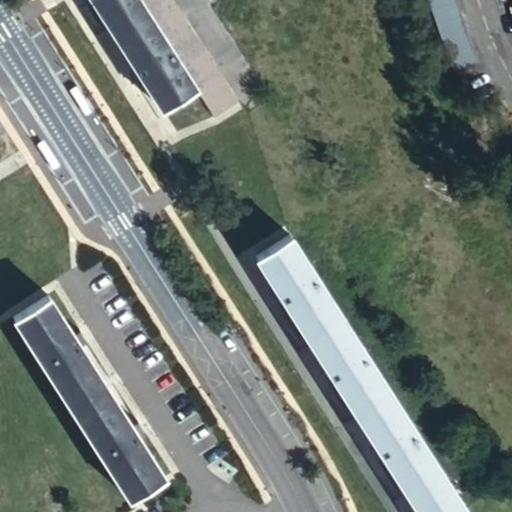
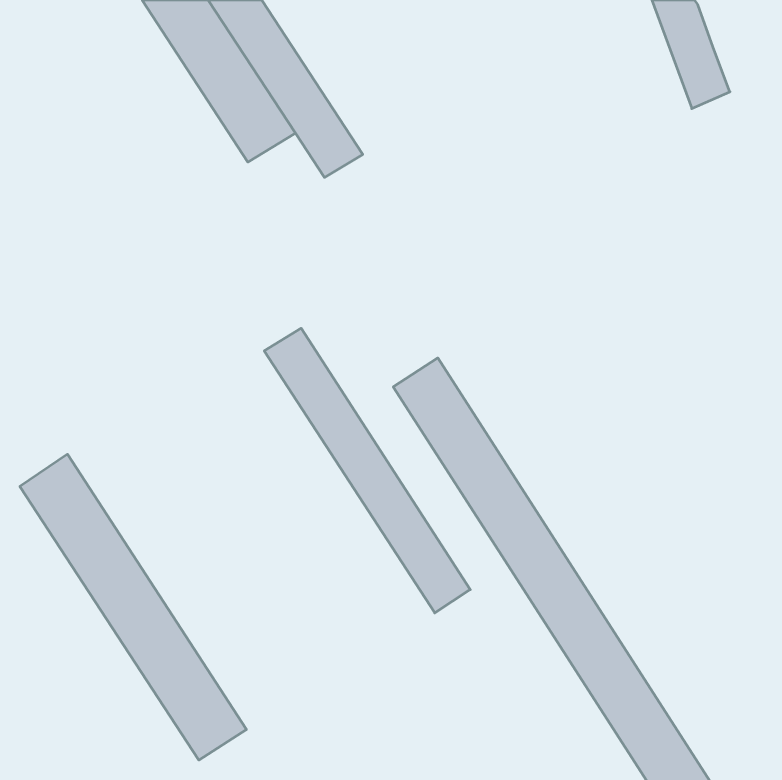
building: none -> [264,328,470,613]

